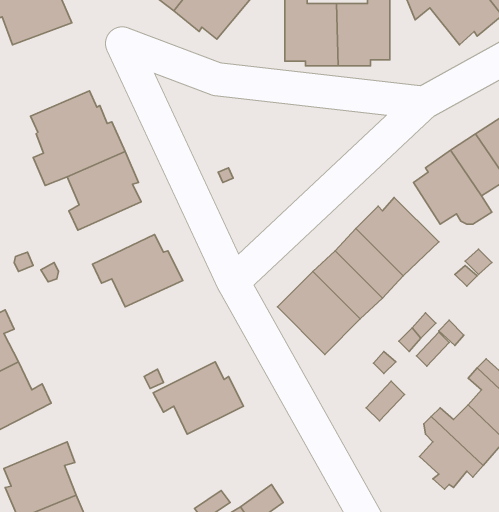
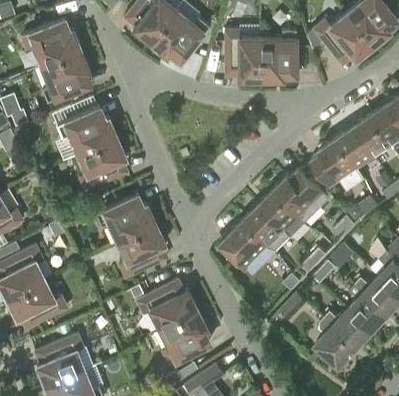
building: none -> [41,50,90,101]
building: none -> [117,224,168,277]
building: none -> [159,309,210,363]

